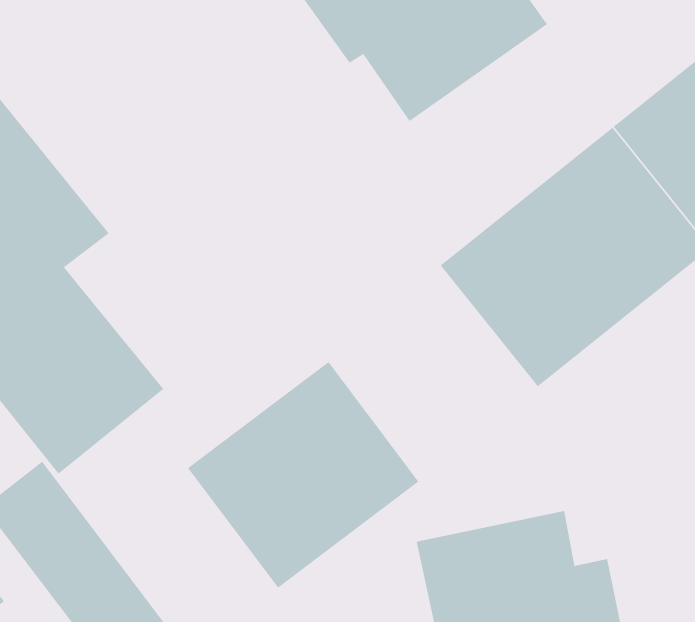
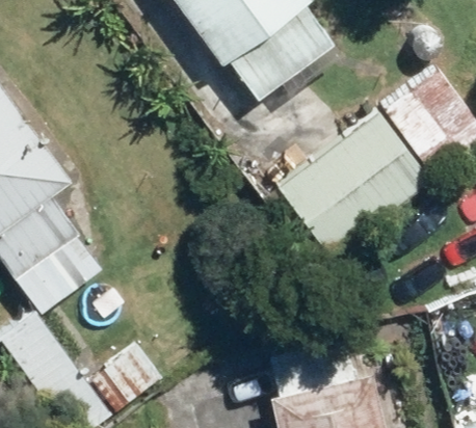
building: [187,361,419,588] -> none

